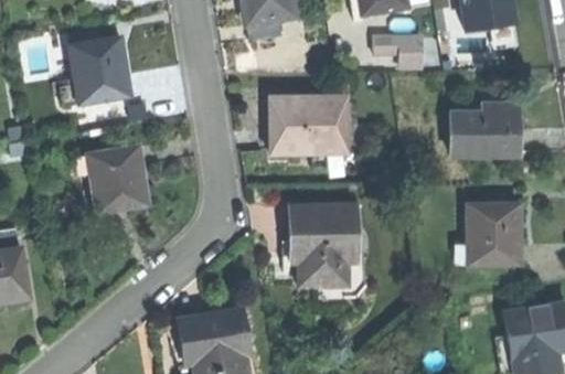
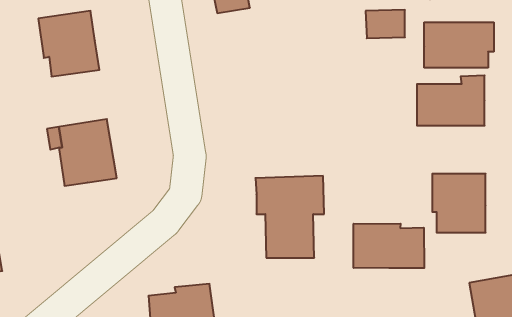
building: none -> [424,22,494,68]
building: [268,96,347,153] -> none
building: none -> [354,224,424,268]

